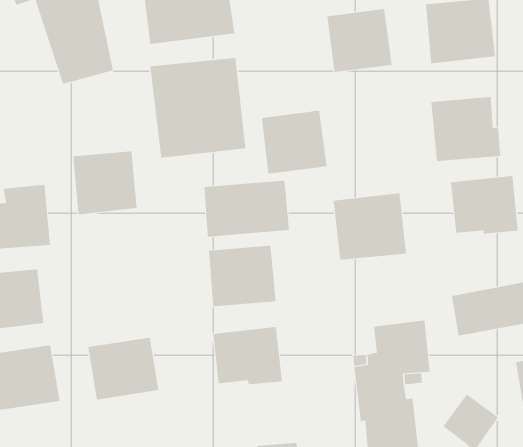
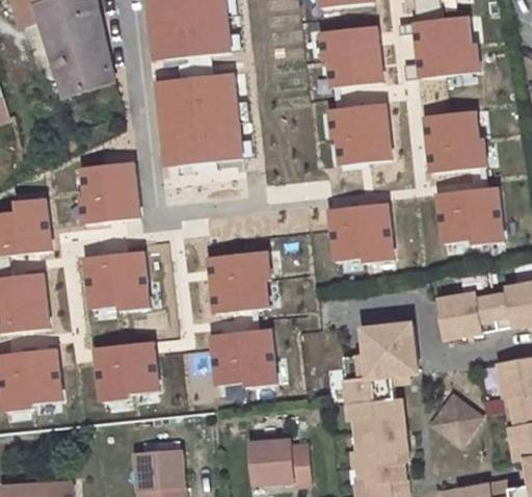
building: [261,110,327,174] -> [327,103,391,164]
building: [204,180,290,238] -> none
building: none -> [83,253,148,311]

